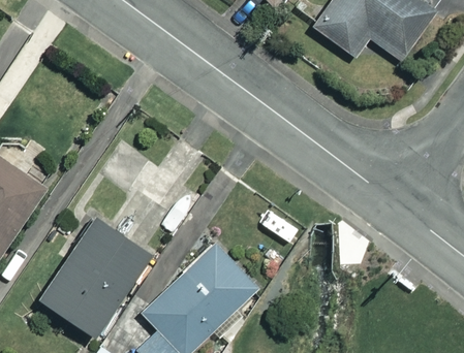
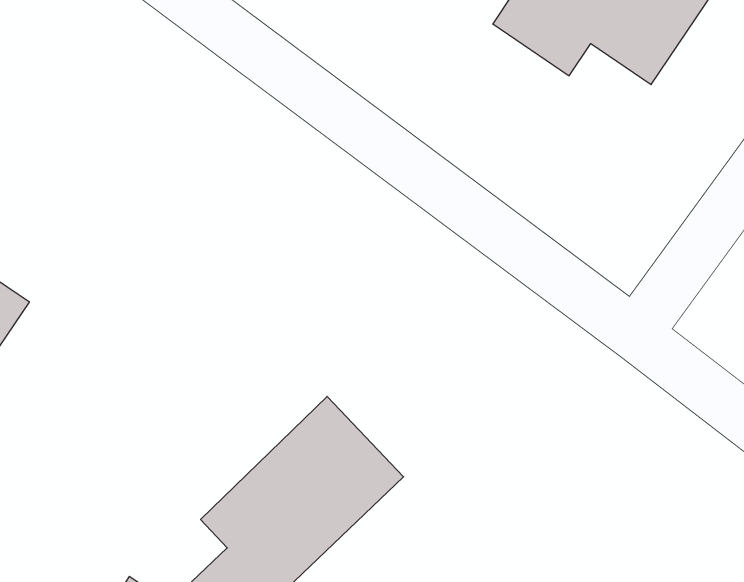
building: [38,215,149,334] -> none

